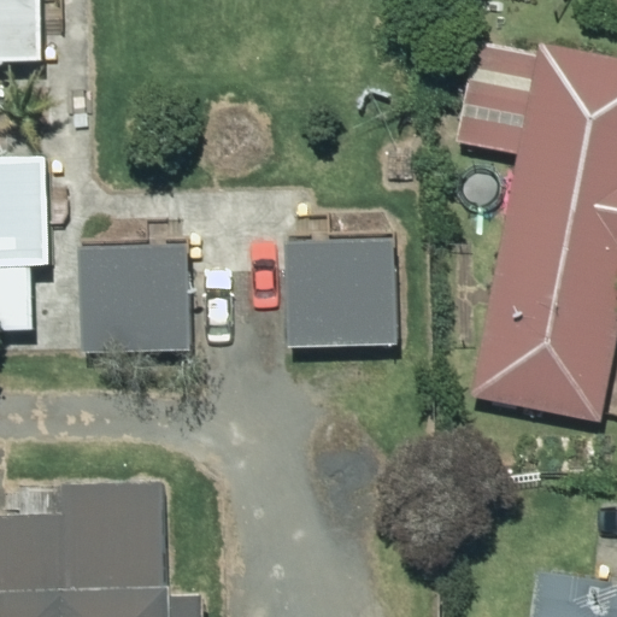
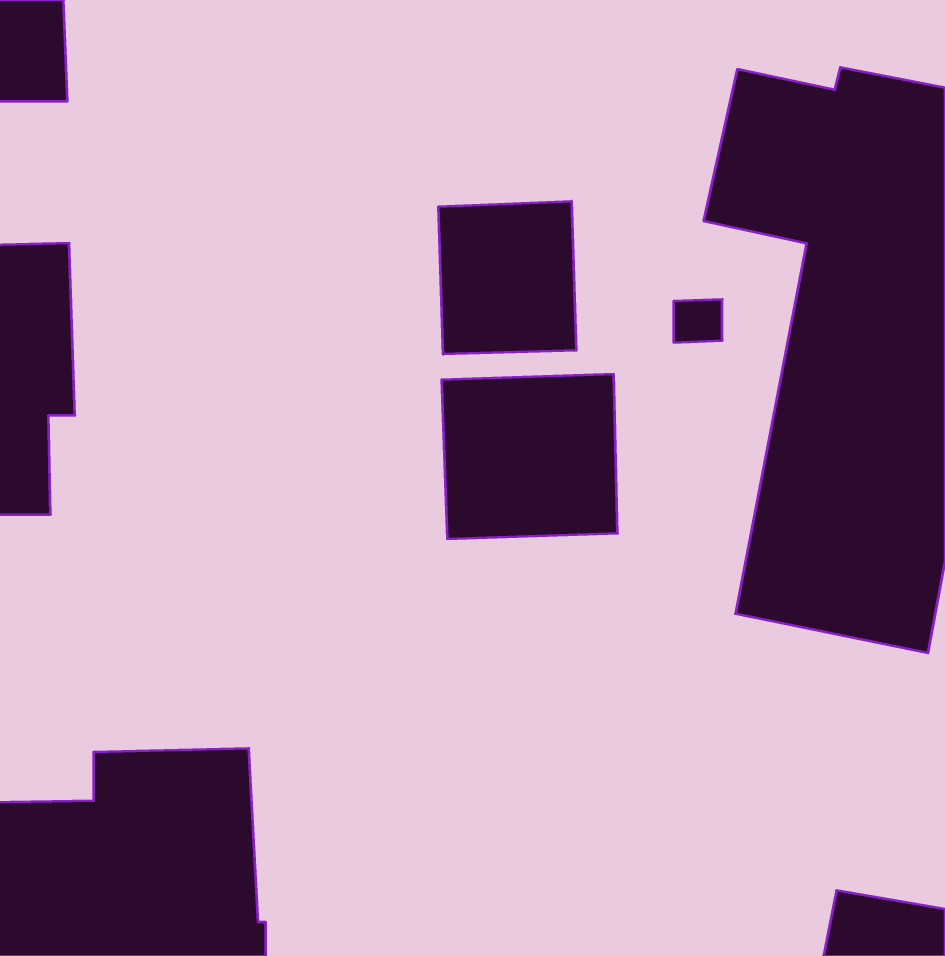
building: none -> [439,201,576,354]
building: [78,248,189,352] -> none

